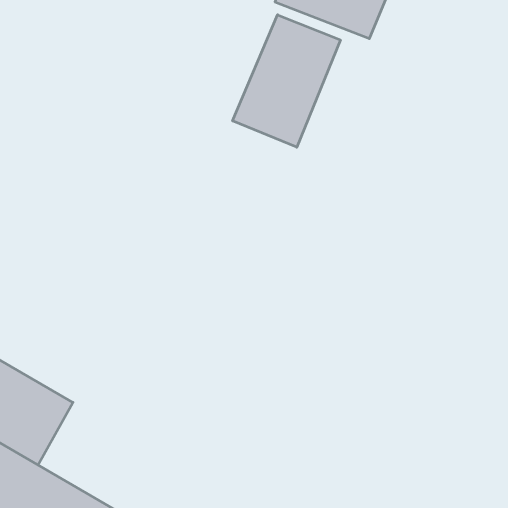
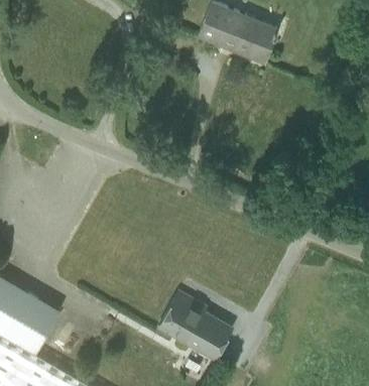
building: [233,15,340,147] -> none
building: none -> [157,292,231,360]

